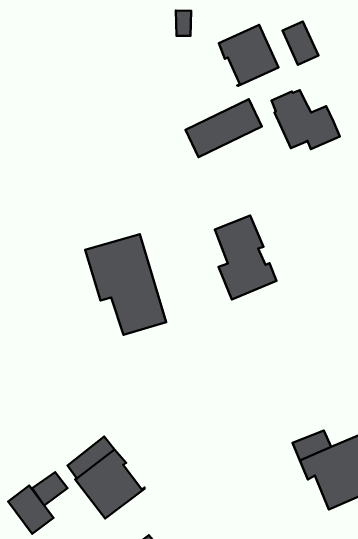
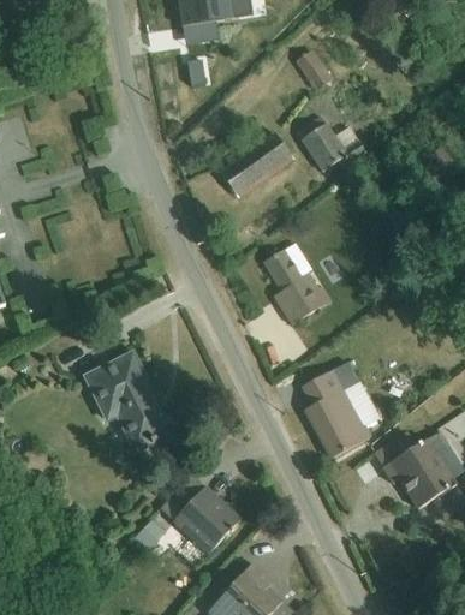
building: [219,25,279,86] -> none
building: [85,234,166,335] -> [83,354,172,453]
building: none -> [303,358,380,458]
building: [8,485,53,534] -> none

